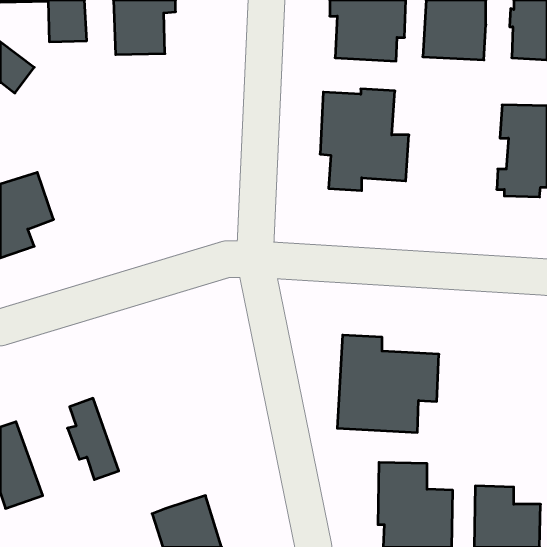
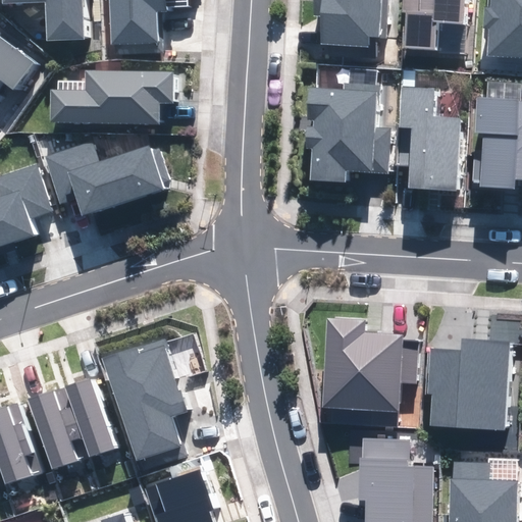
building: none -> [51,71,172,123]
building: none -> [401,88,459,190]
building: none -> [46,143,171,215]
building: none -> [102,340,187,471]
building: none -> [428,340,508,429]
building: none -> [28,392,75,469]

